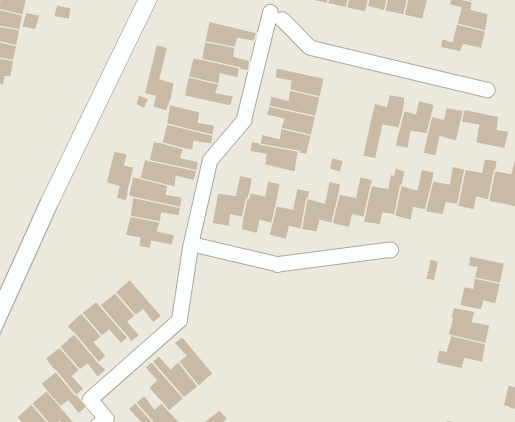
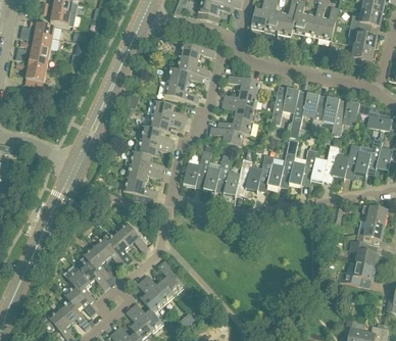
building: [144,44,175,111] -> none
building: none -> [269,87,298,123]
building: [106,151,134,201] -> none

